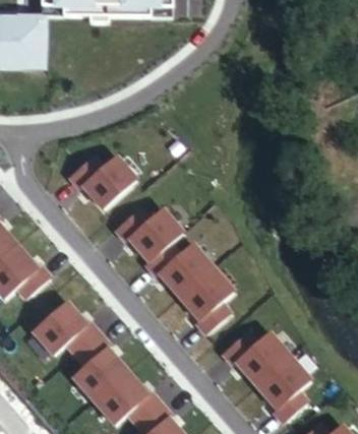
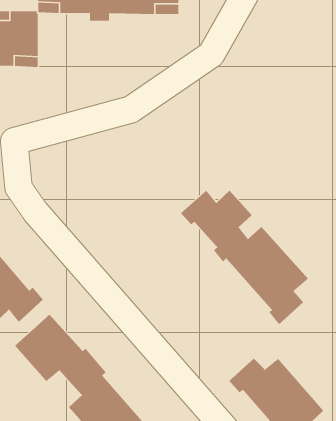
building: [70,156,136,209] -> none
building: [115,210,234,335] -> [180,190,309,325]

